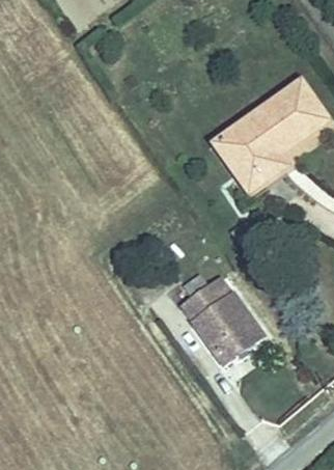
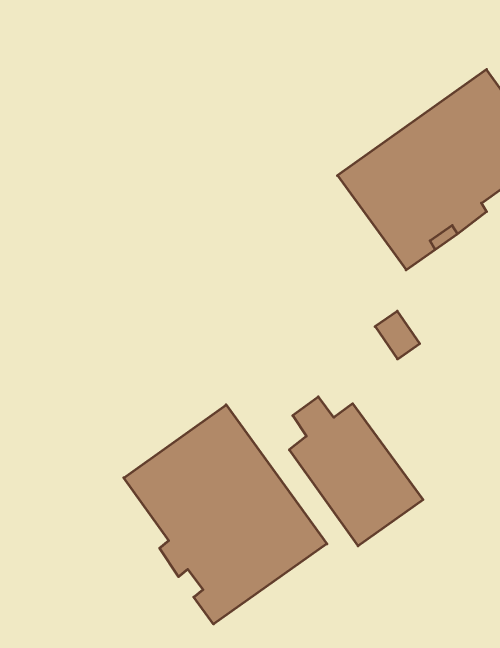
building: none -> [124,405,327,624]

